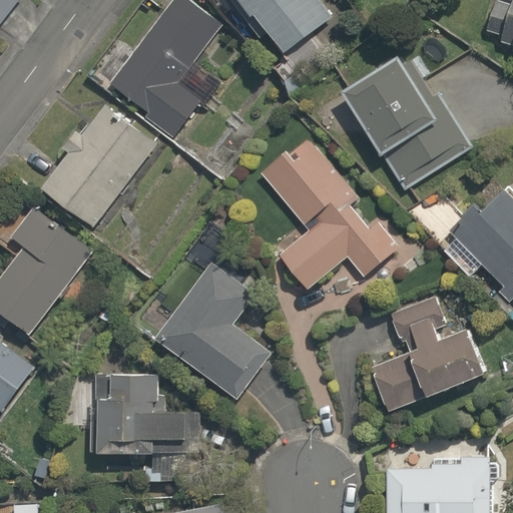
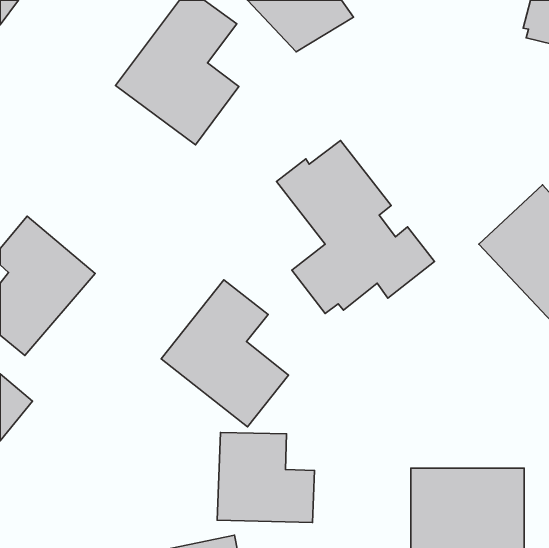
building: [337,56,469,189] -> none
building: [58,120,152,228] -> none
building: [371,292,483,412] -> none
building: [95,372,185,455] -> [217,433,315,522]

